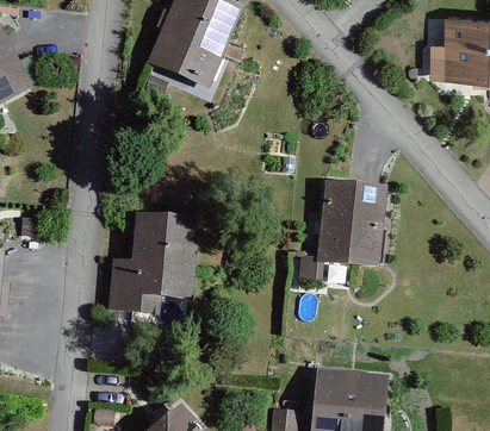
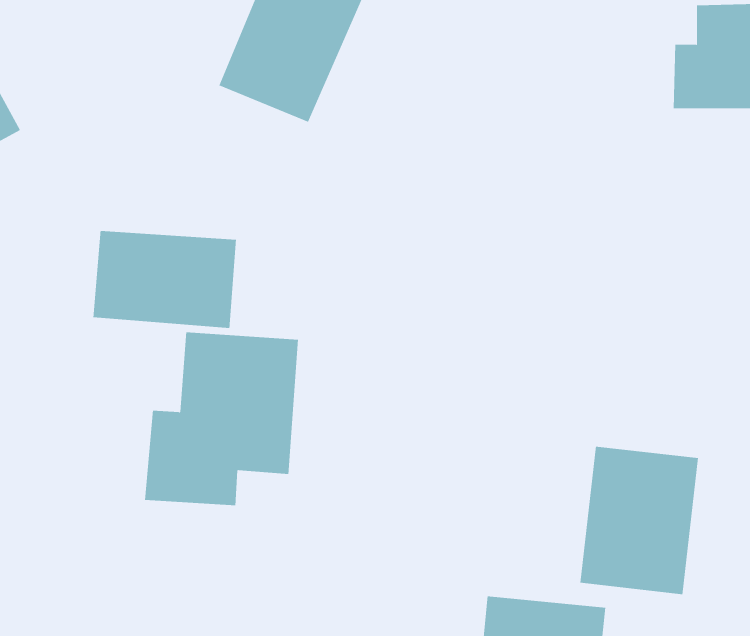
building: none -> [93,230,237,329]
building: [316,180,389,270] -> [580,446,699,595]

